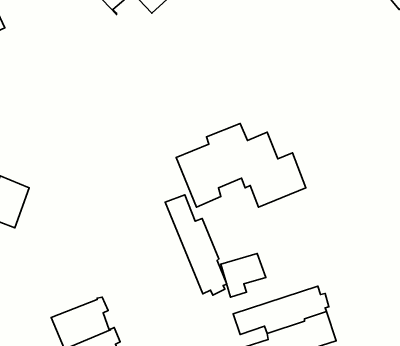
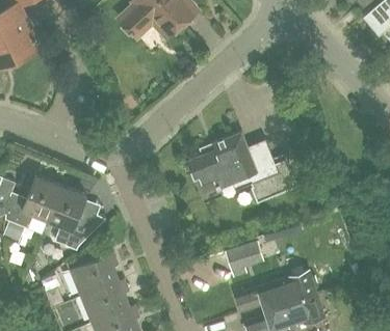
building: none -> [48,186,98,249]
building: [165,195,227,295] -> none
building: none -> [69,253,119,297]

